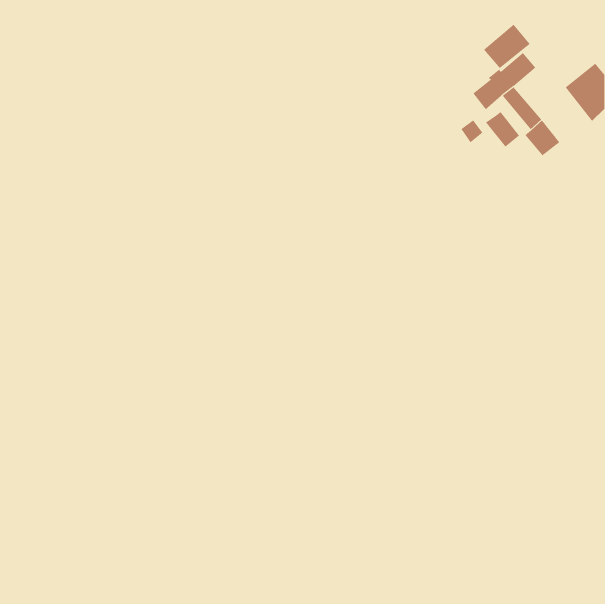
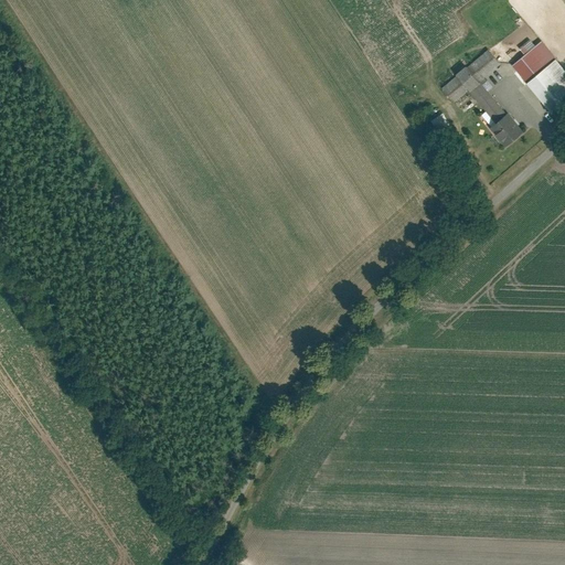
building: [483,24,530,69] -> [511,41,555,83]
building: [485,111,520,147] -> none

